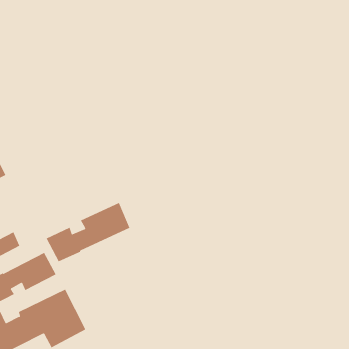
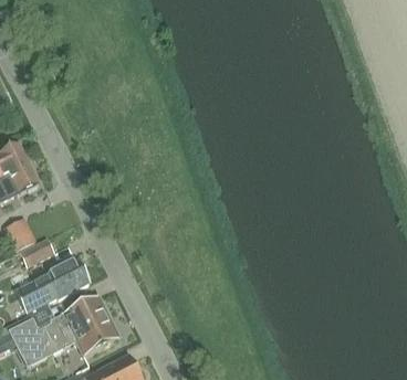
building: [46,202,130,262] -> none

